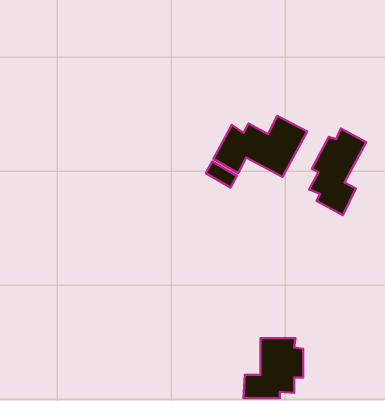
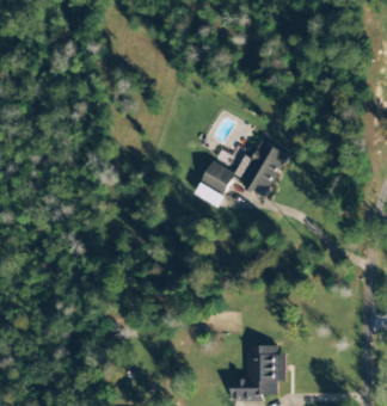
building: [309,128,366,215] -> none

